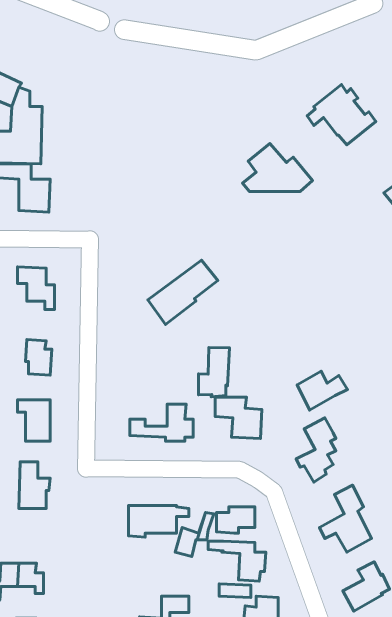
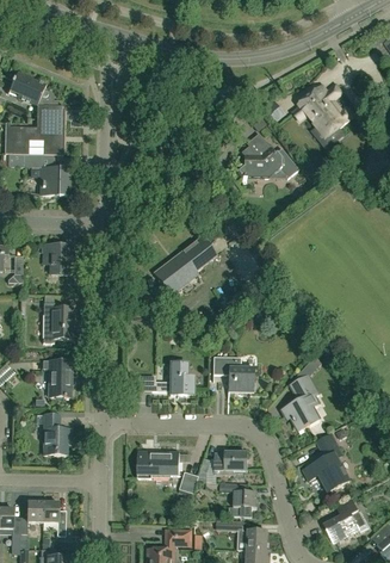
building: [198,348,229,397] -> none
building: [297,371,348,410] -> none

